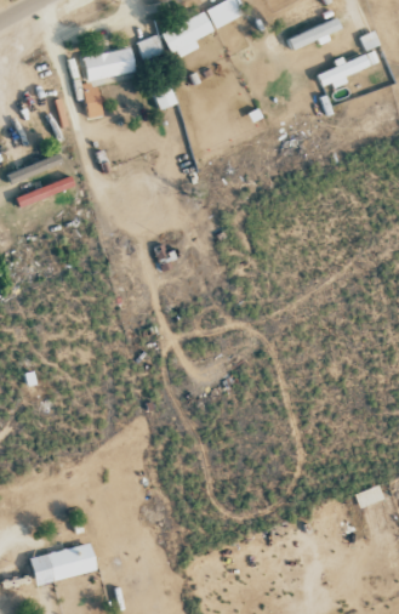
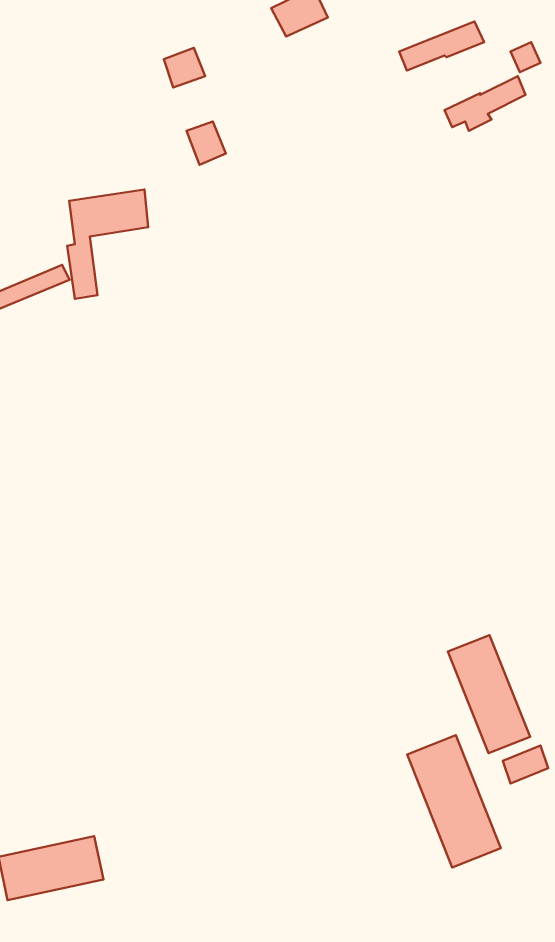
building: [164,12,213,58] -> none
building: [82,49,135,119] -> [67,189,148,299]
building: none -> [448,635,530,753]
building: none -> [407,735,501,867]

